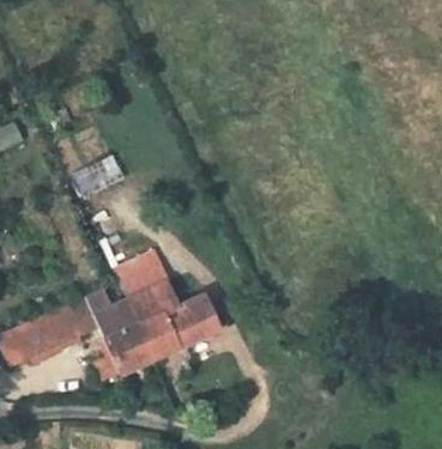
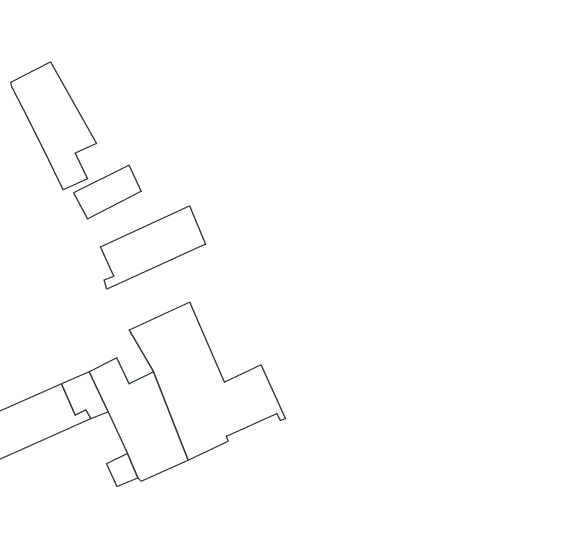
building: none -> [11,62,96,190]
building: none -> [101,206,206,289]

